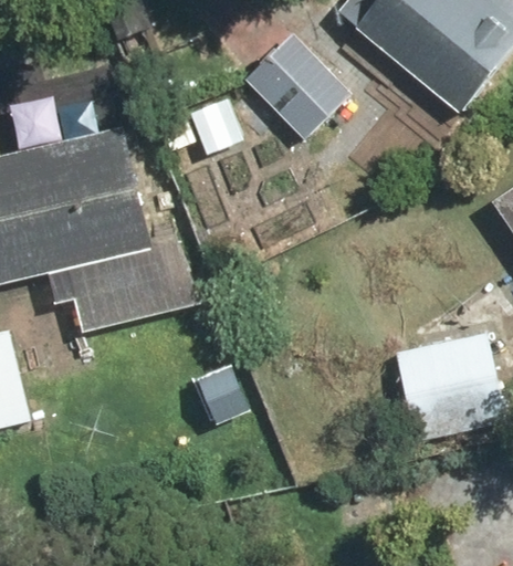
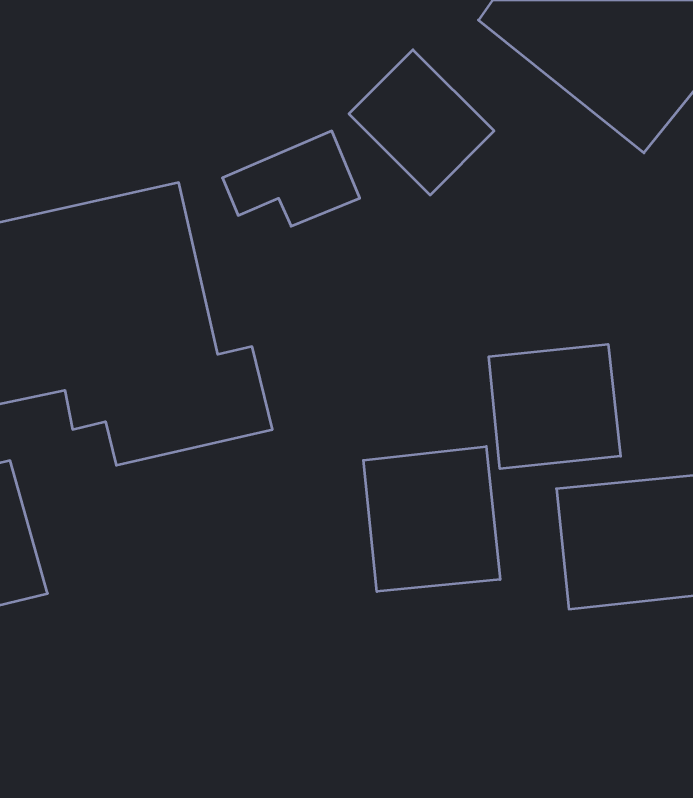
building: none -> [489,344,621,469]
building: none -> [363,446,500,592]

